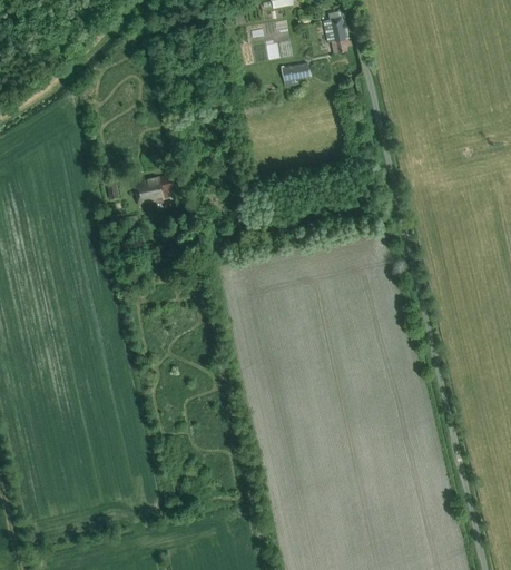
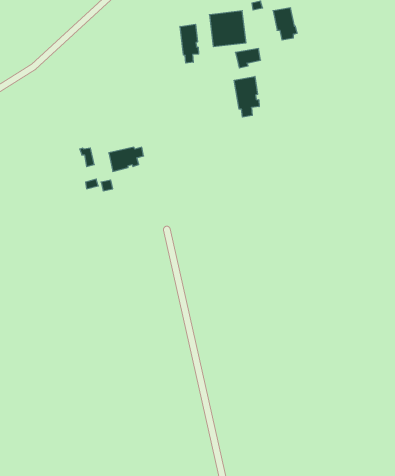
building: none -> [180,24,199,63]
building: none -> [234,76,259,117]

